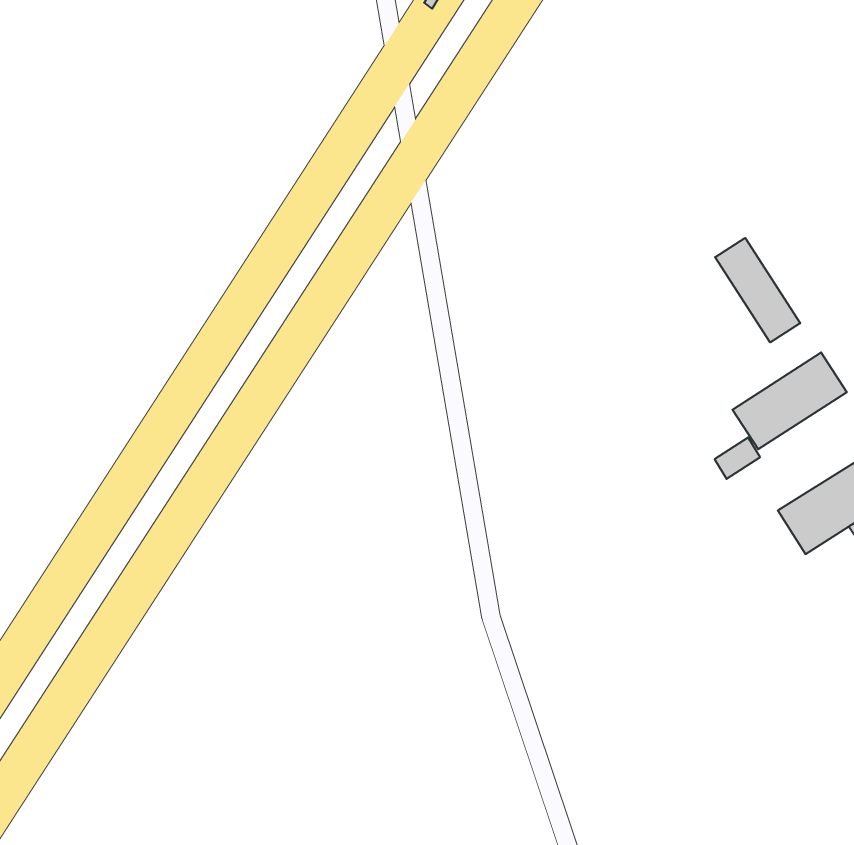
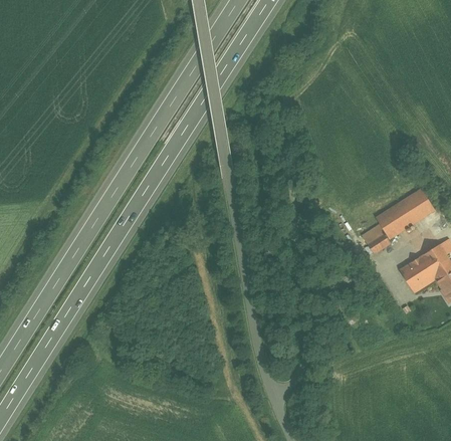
building: [715,238,800,342] -> none

